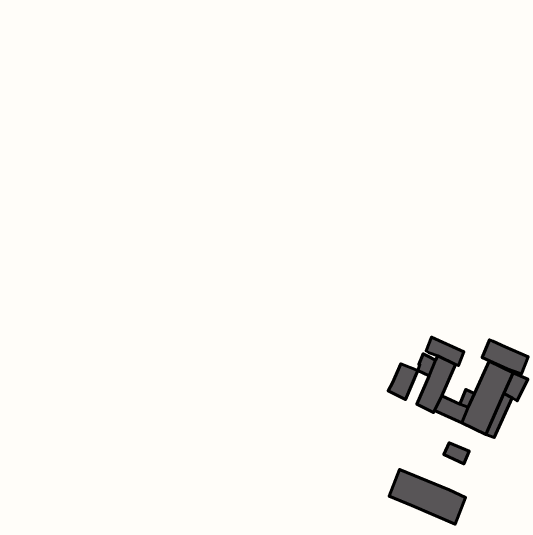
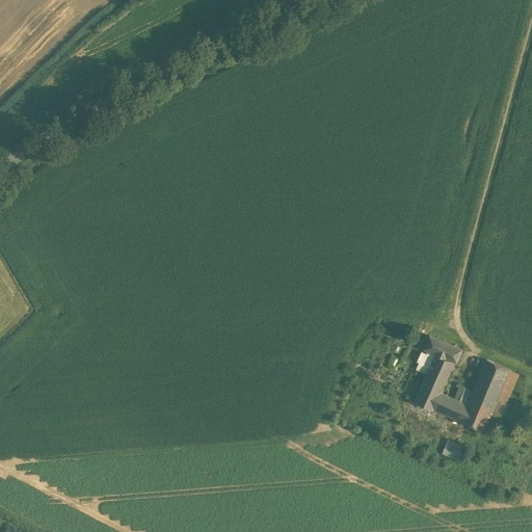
building: [482,340,528,374] -> none
building: [388,364,418,399] -> none
building: [389,470,465,524] -> none

